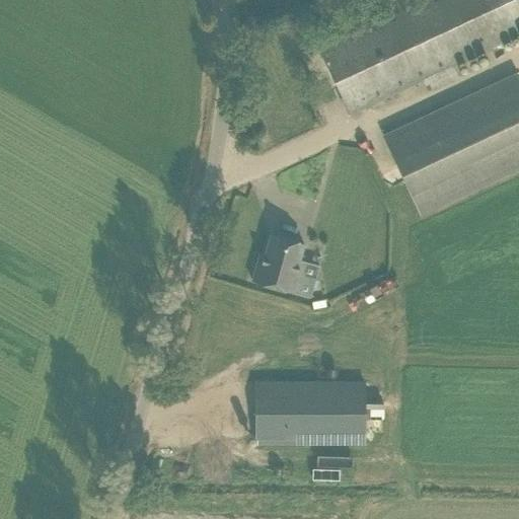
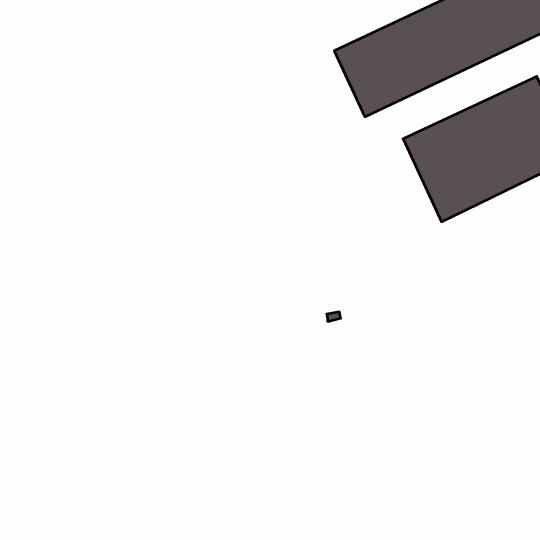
building: [253,232,315,296] -> none
building: [257,380,365,442] -> none

